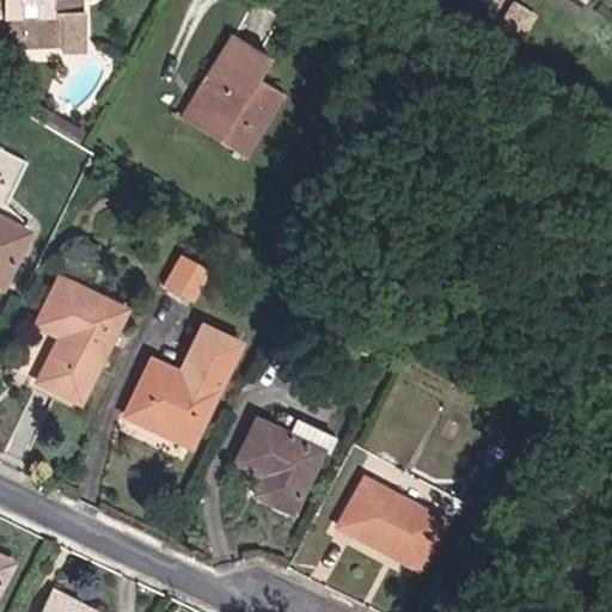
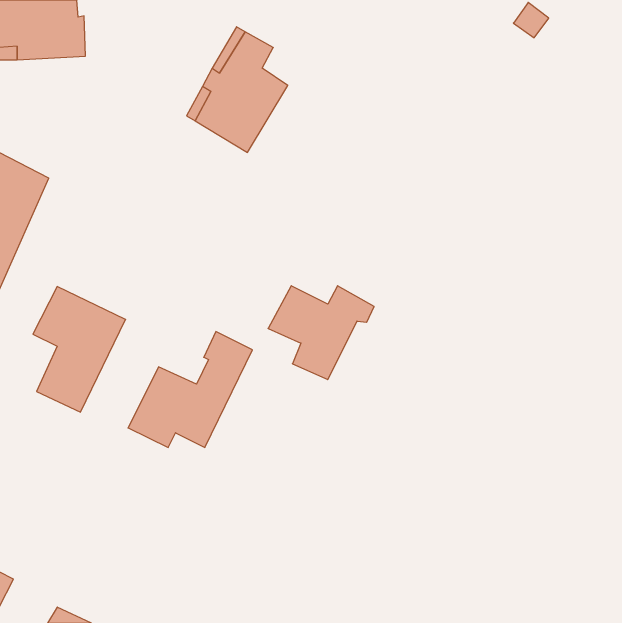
building: [165,252,209,299] -> none
building: [232,417,336,509] -> [268,286,374,380]
building: [338,477,441,564] -> none

